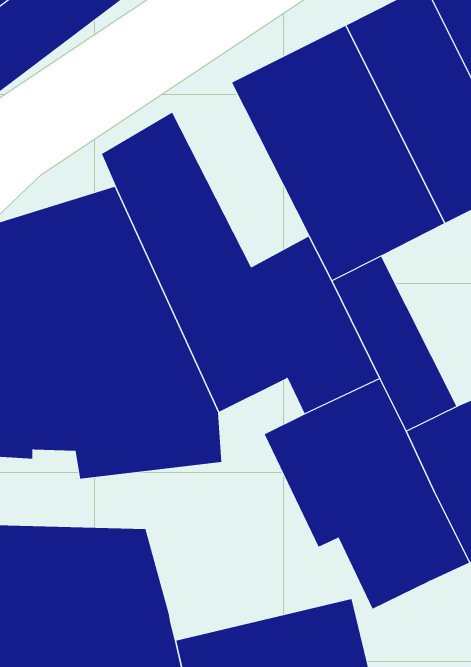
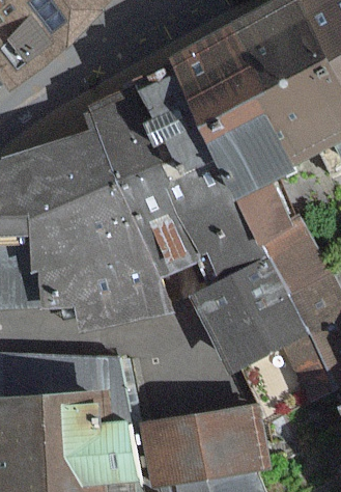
building: none -> [133,58,224,182]

